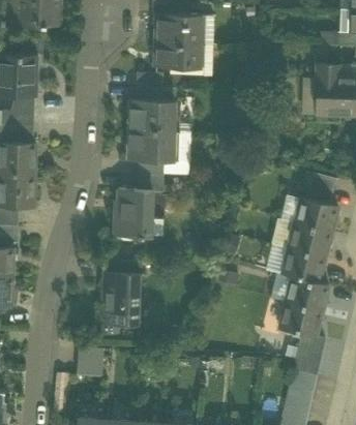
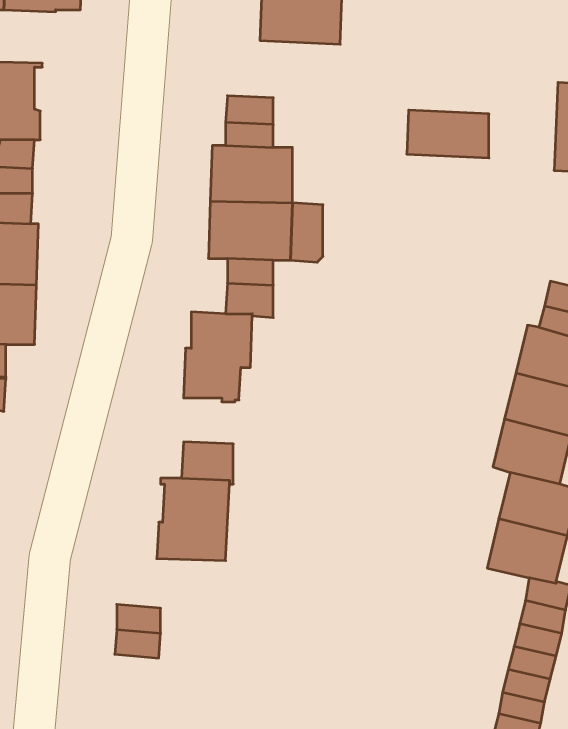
building: [155,43,200,69] -> [407,110,489,158]

